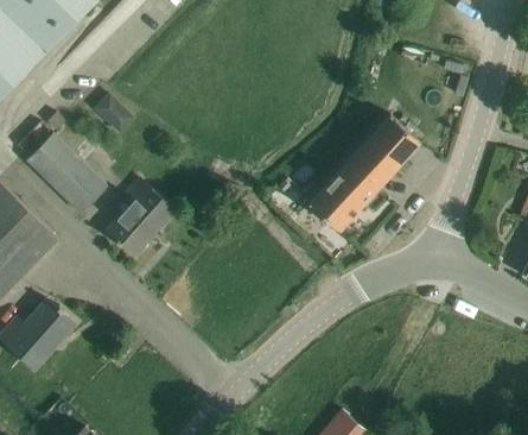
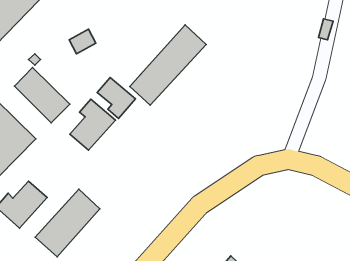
building: [308,114,420,232] -> [130,25,206,105]
building: none -> [97,77,136,118]
building: none -> [35,189,100,257]

